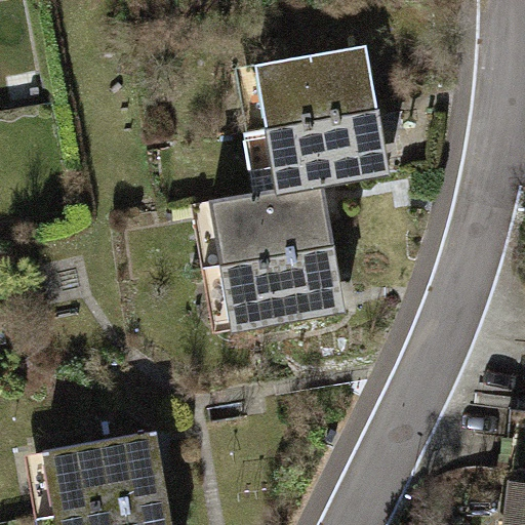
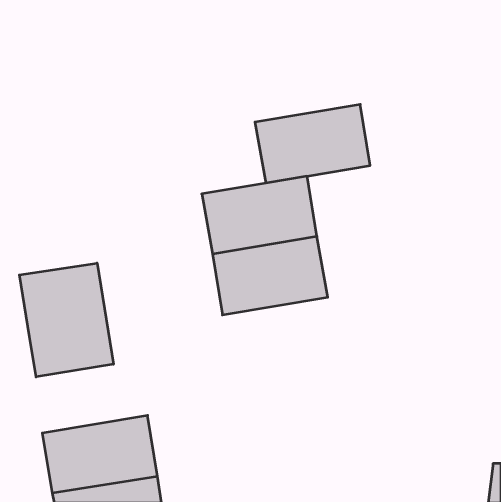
building: [254,45,375,128] -> none
building: none -> [19,263,113,377]

